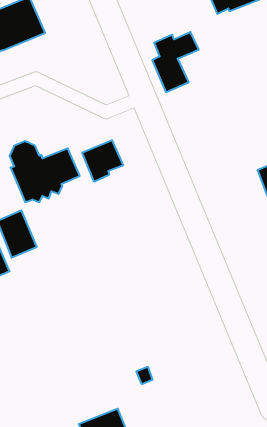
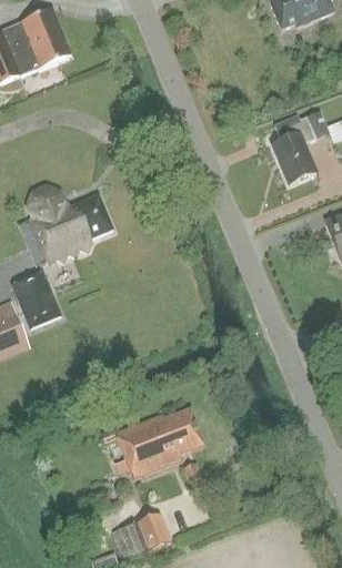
building: [152,32,199,92] -> [271,110,328,183]
building: [82,140,123,182] -> none
building: none -> [114,408,203,476]

